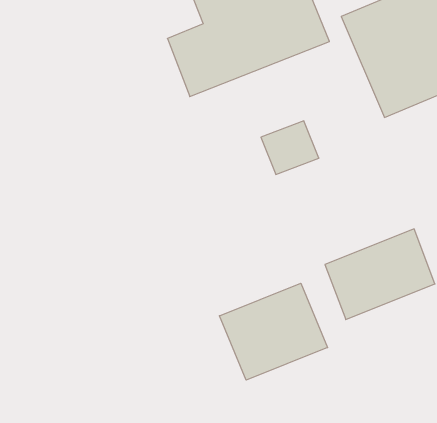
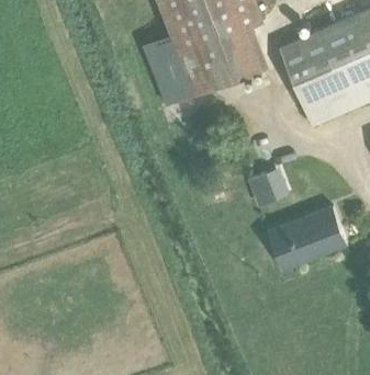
building: [261,121,319,174] -> [246,168,289,207]
building: [219,283,328,380] -> none

